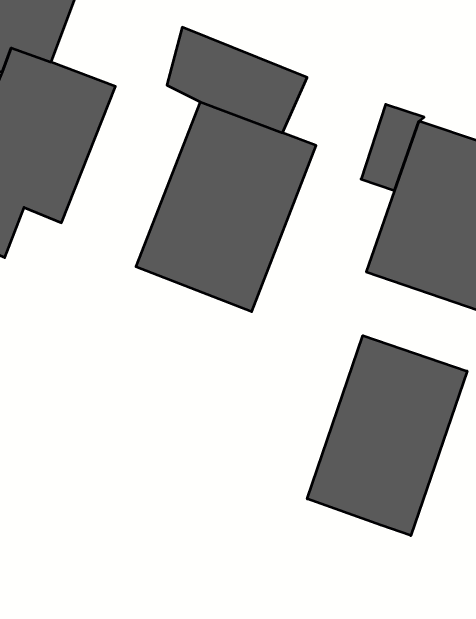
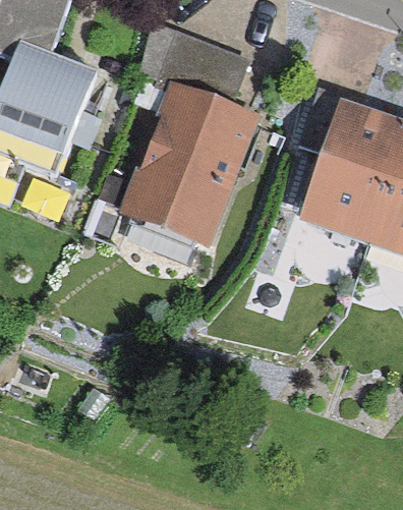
building: [307,336,467,536] -> none

